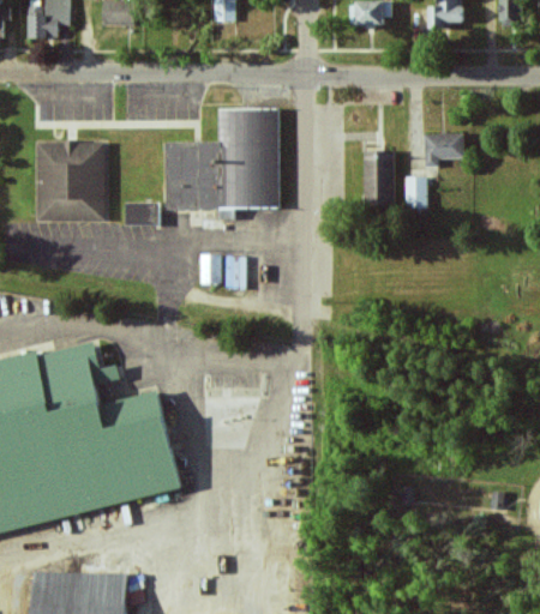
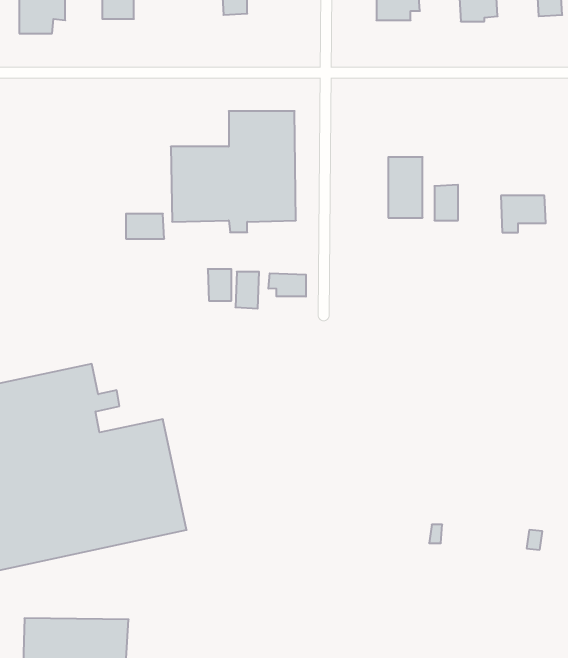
building: [424,133,464,167] -> [501,196,546,232]
building: [36,142,104,221] -> none
building: none -> [268,273,306,297]

